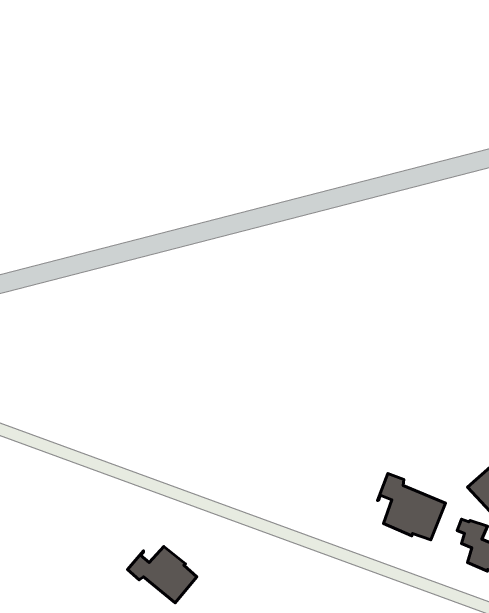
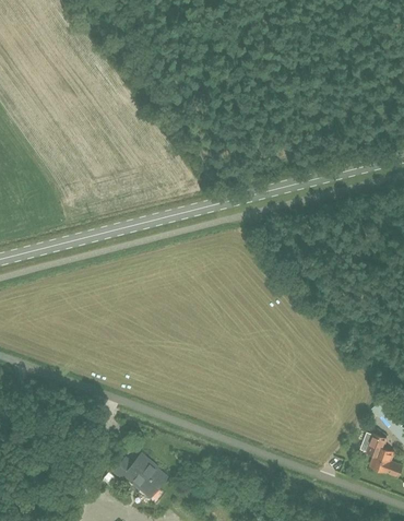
building: [377,474,446,540] -> none

